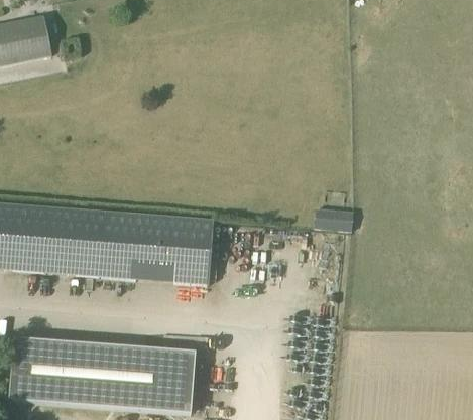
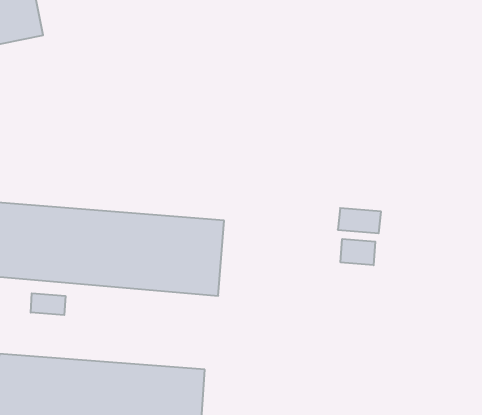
building: none -> [341,239,375,265]
building: none -> [31,293,65,315]

